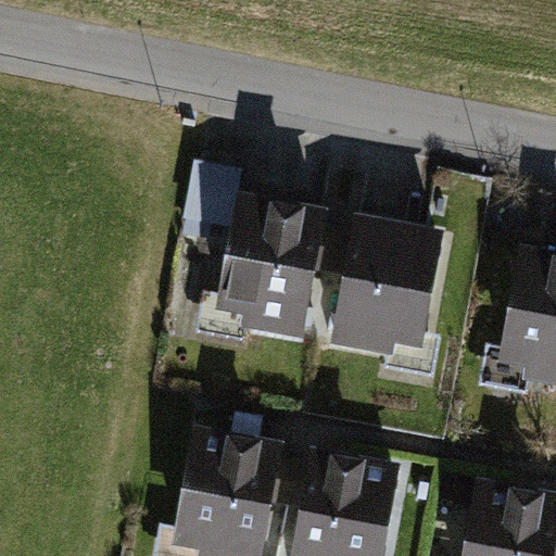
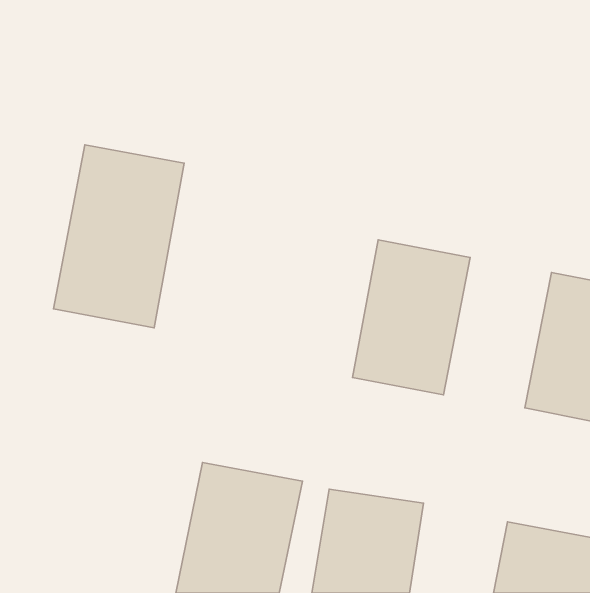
building: none -> [53,145,184,328]
building: [212,201,325,344] -> none

